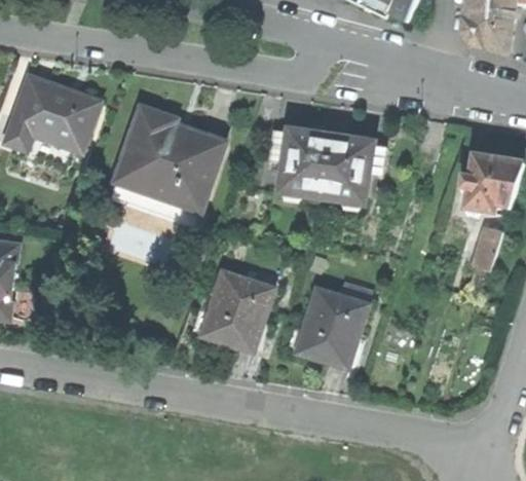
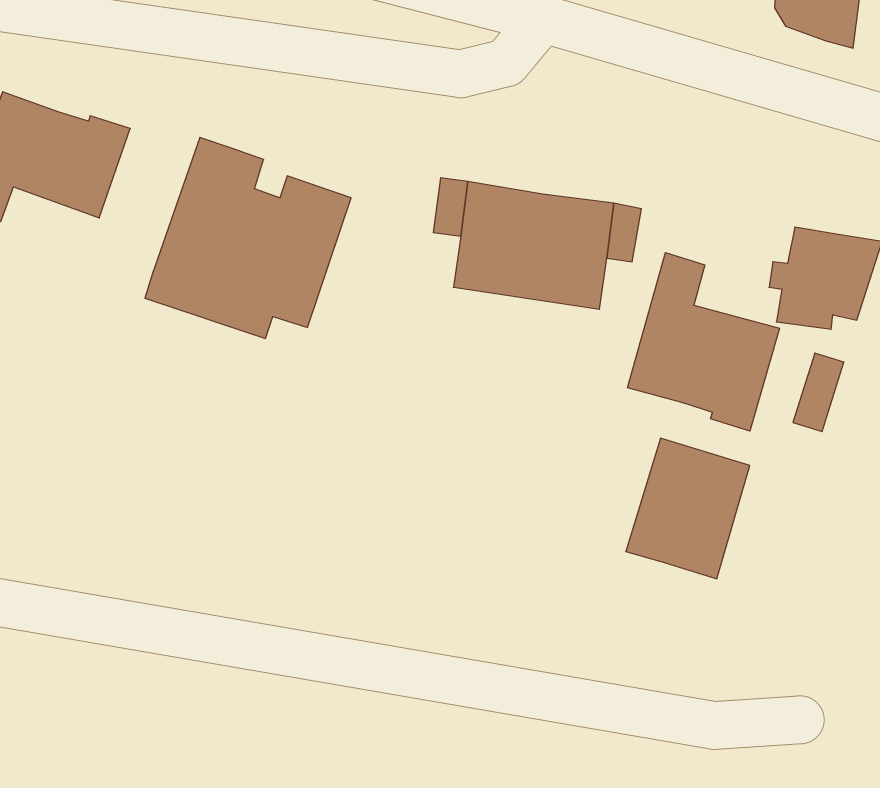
building: none -> [628,253,780,431]
building: [201,269,274,349] -> none
building: [296,287,366,366] -> [626,438,750,579]

